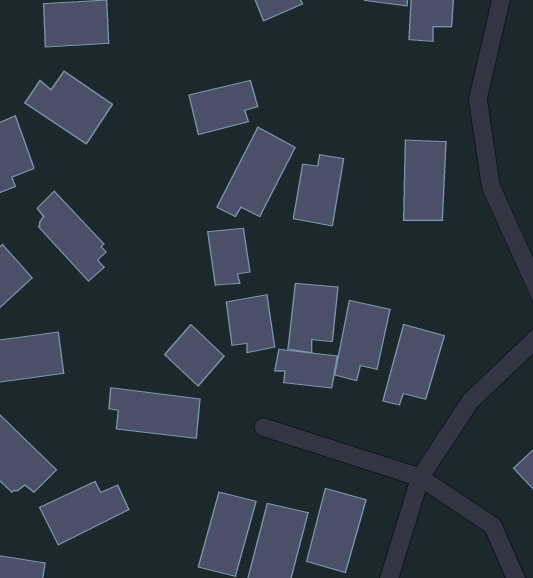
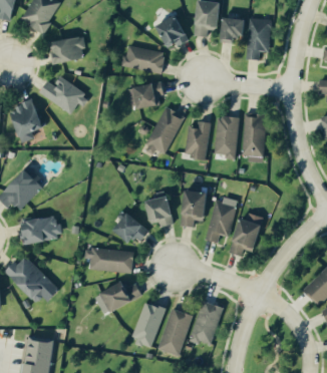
building: none -> [121,44,166,73]
building: none -> [215,115,238,158]
building: [37,191,106,281] -> none
building: [208,228,250,285] -> none
building: [275,349,337,388] -> none
building: [39,481,129,545] -> [94,281,142,315]

